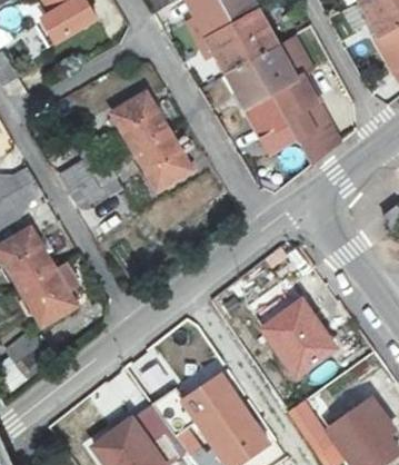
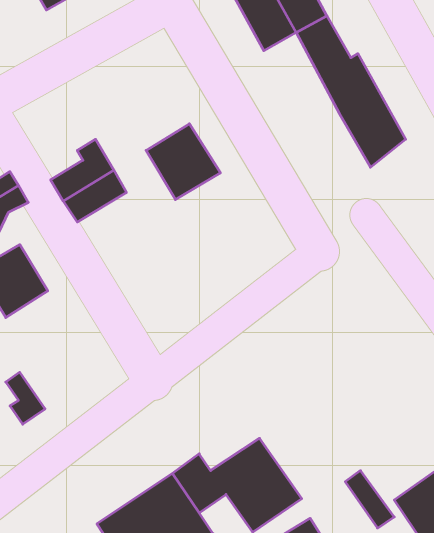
building: [227,58,287,136] -> none
building: [110,91,168,151] -> none
building: [22,263,80,323] -> none
building: [251,283,333,373] -> none

